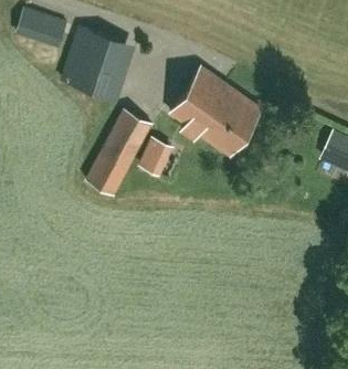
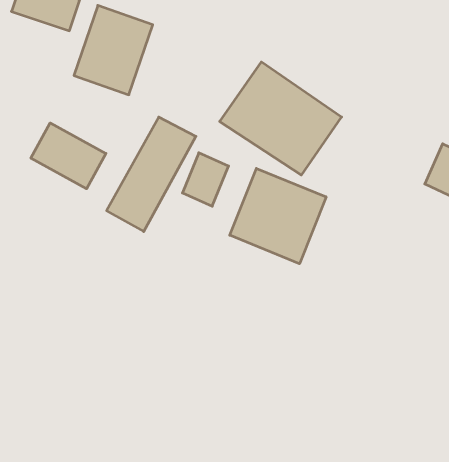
building: none -> [31,123,106,189]
building: none -> [230,168,326,264]

